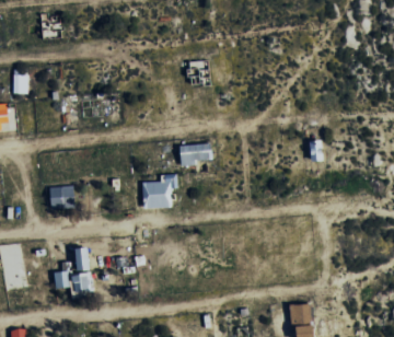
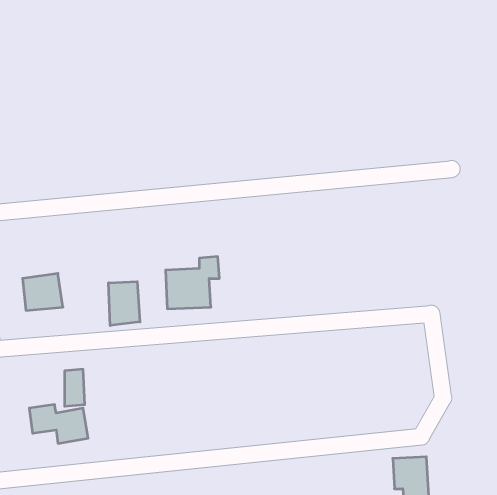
building: [181,143,212,163] -> none
building: none -> [109,282,140,326]

